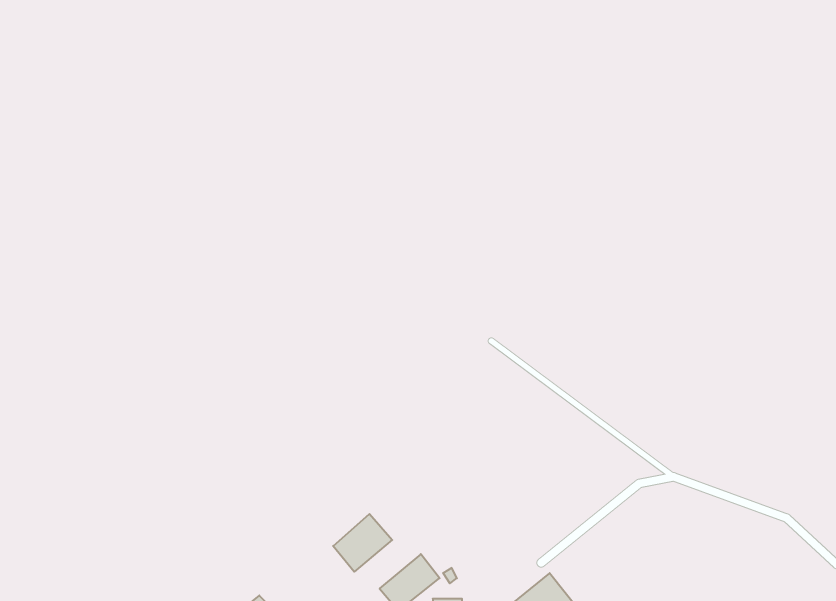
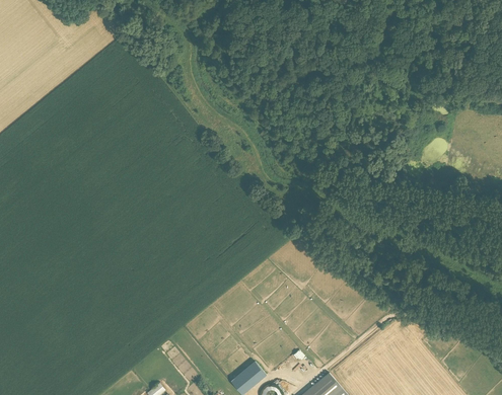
building: [333,514,392,572] -> none

